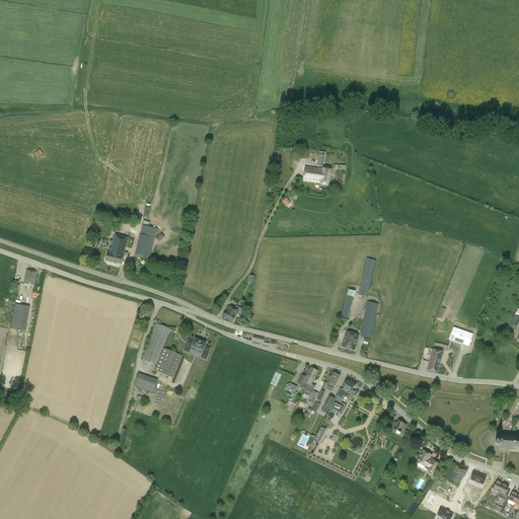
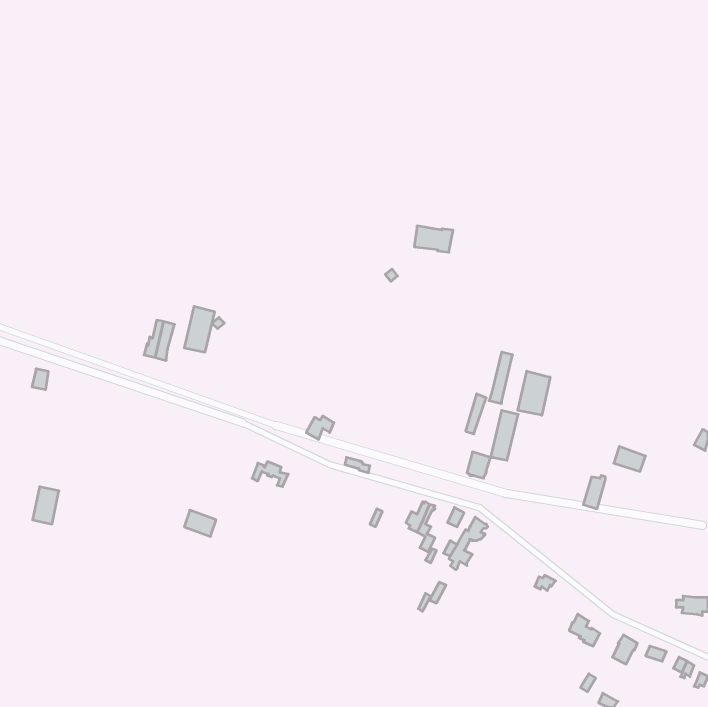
building: none -> [518,371,550,415]
building: [10,303,29,330] -> [33,487,59,524]
building: [142,322,182,377] -> none

